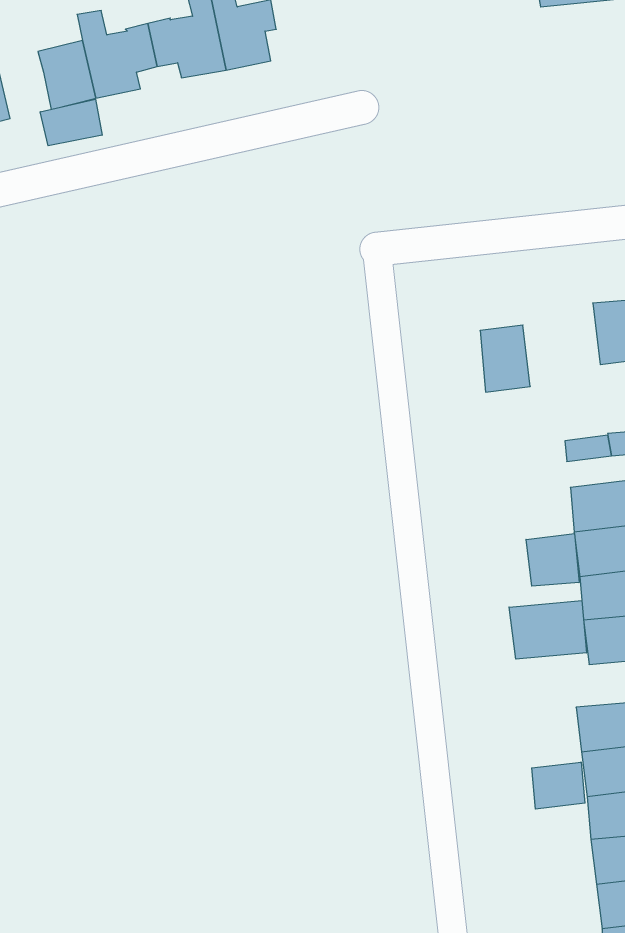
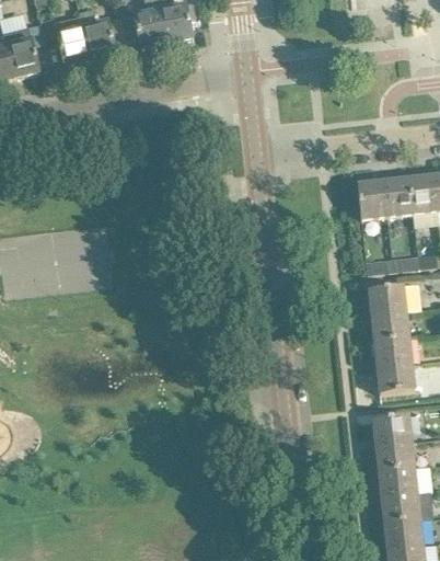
building: [40,99,102,146] -> none
building: [480,325,530,392] -> [357,181,386,220]
building: [526,534,579,586] -> none
building: [509,601,586,659] -> none
building: [532,762,585,809] -> none

